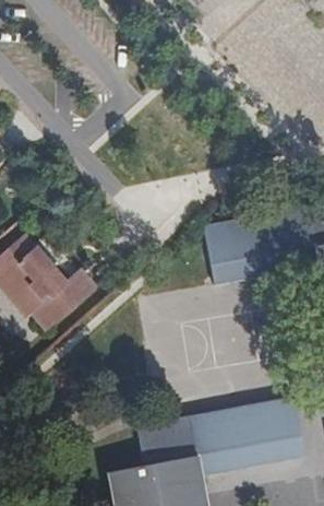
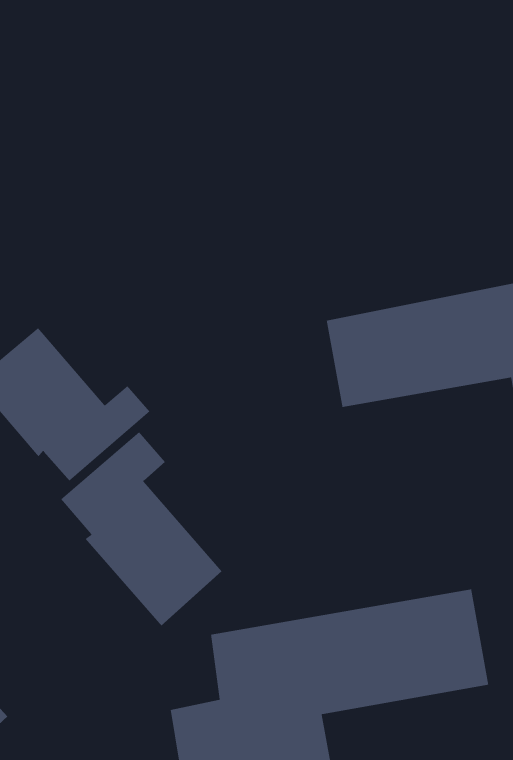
building: none -> [60,431,222,626]

